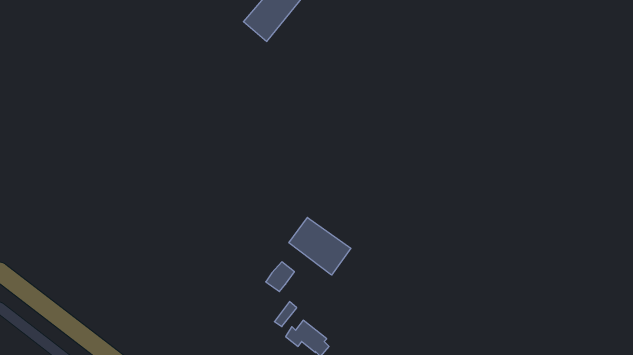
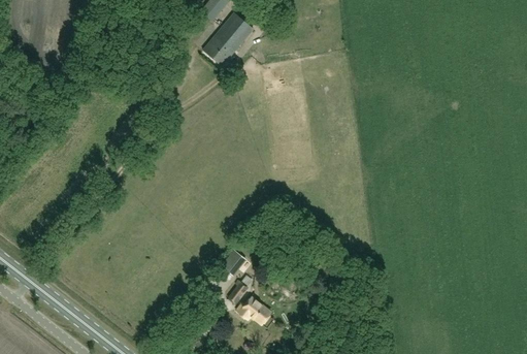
building: [289,217,351,275] -> none

